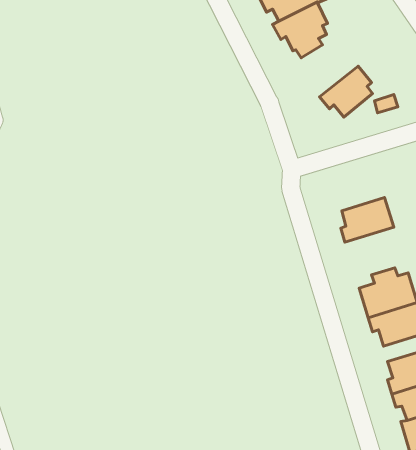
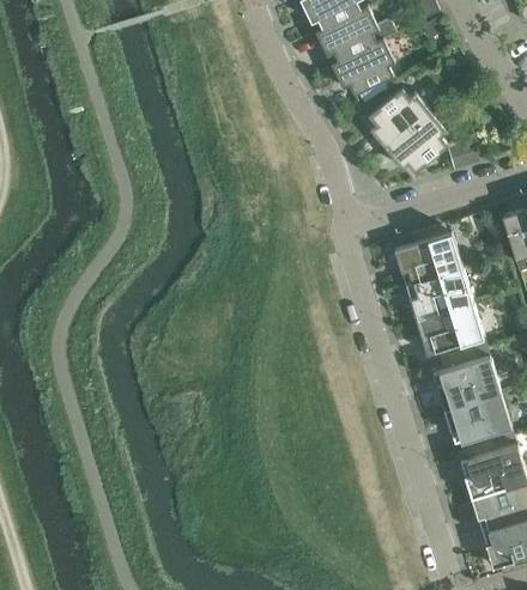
building: none -> [367,87,430,147]
building: none -> [393,231,461,281]
building: none -> [414,300,483,357]

